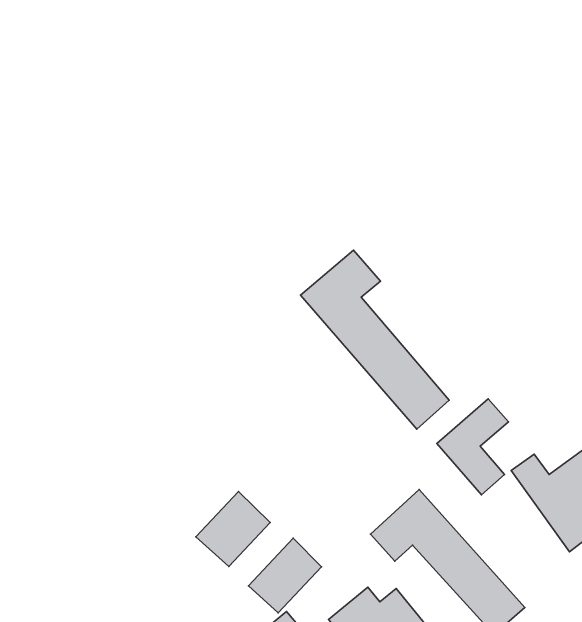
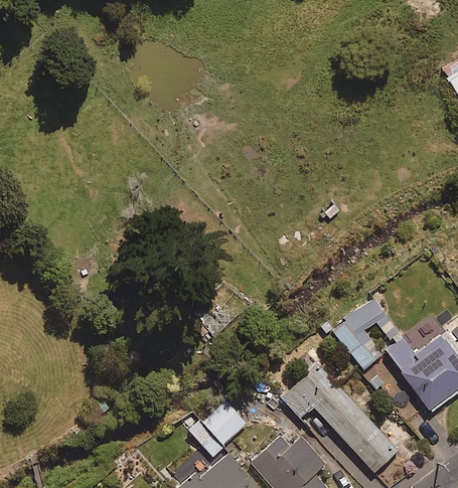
building: [300,250,449,429] -> none
building: [196,491,270,566] -> none

